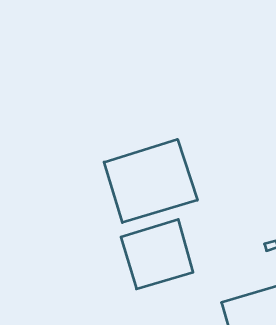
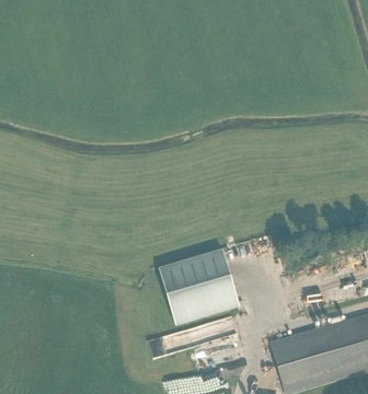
building: [104,139,197,223] -> none

